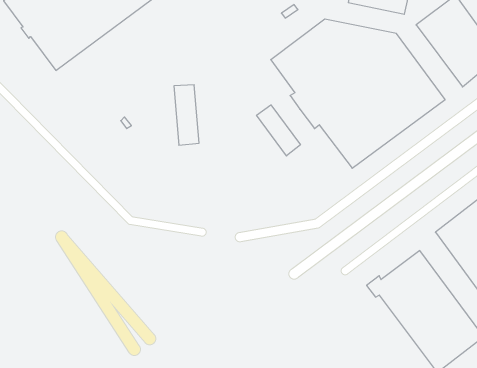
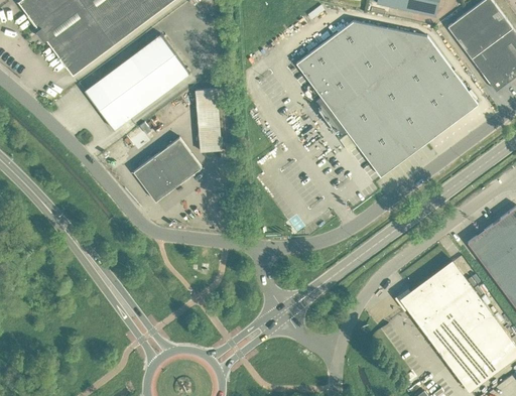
building: none -> [85,34,189,130]
building: [257,105,300,156] -> none
building: none -> [134,138,202,202]

